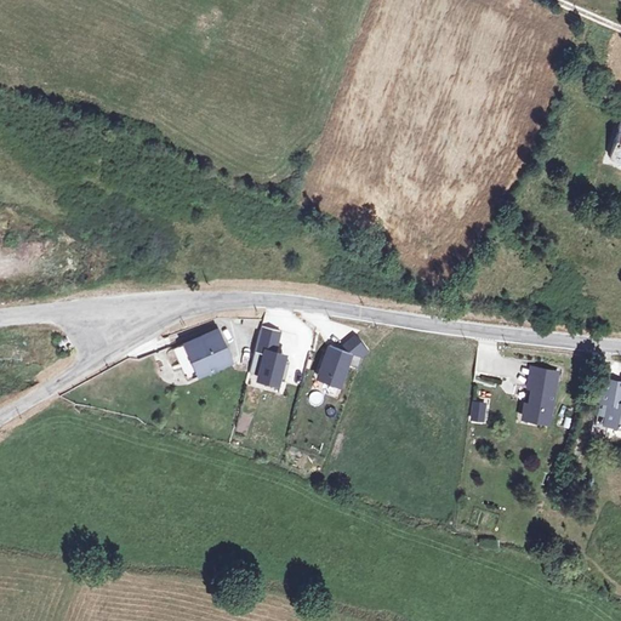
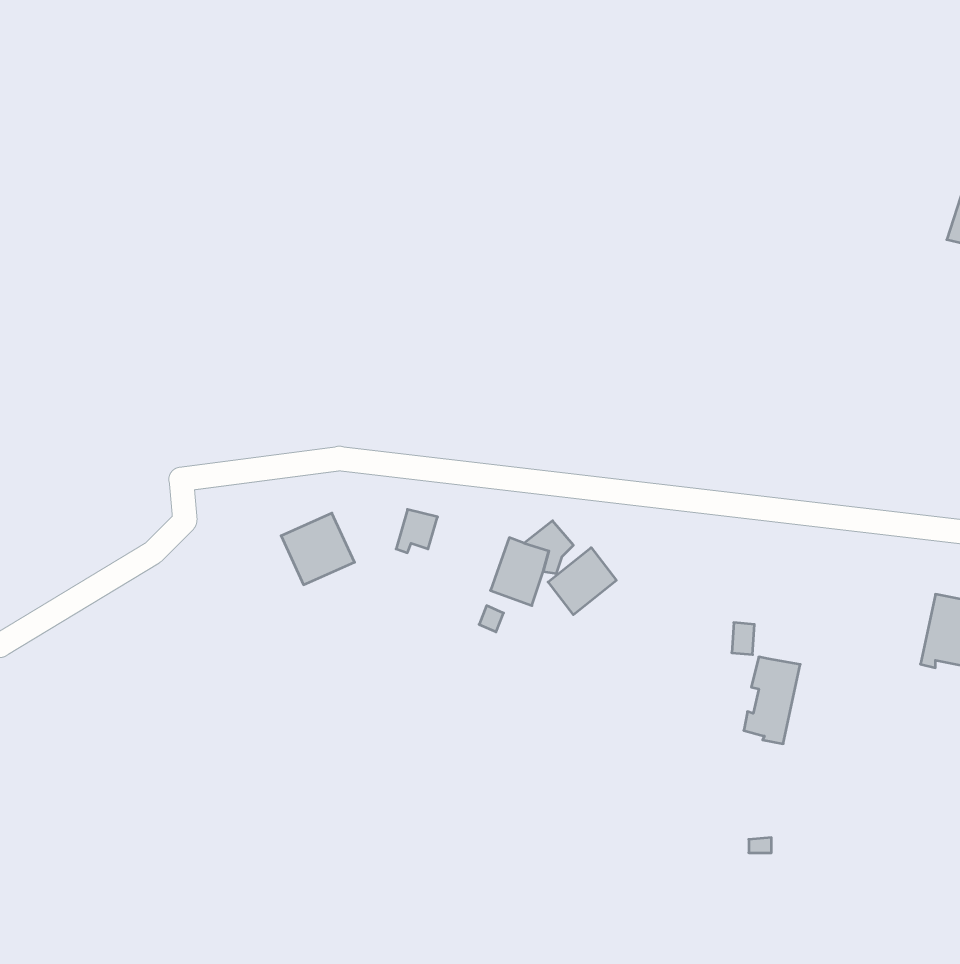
building: [257,349,290,389] -> none
building: none -> [548,548,616,615]
building: [520,368,557,423] -> [744,657,800,744]

